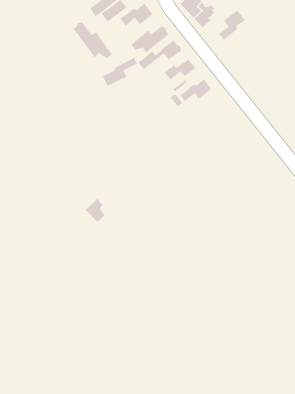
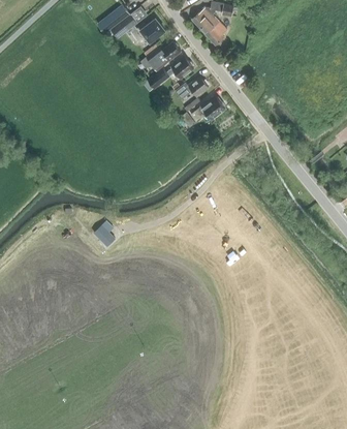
building: [218,9,246,41] -> none
building: [72,20,113,59] -> none
building: [102,57,138,87] -> none

